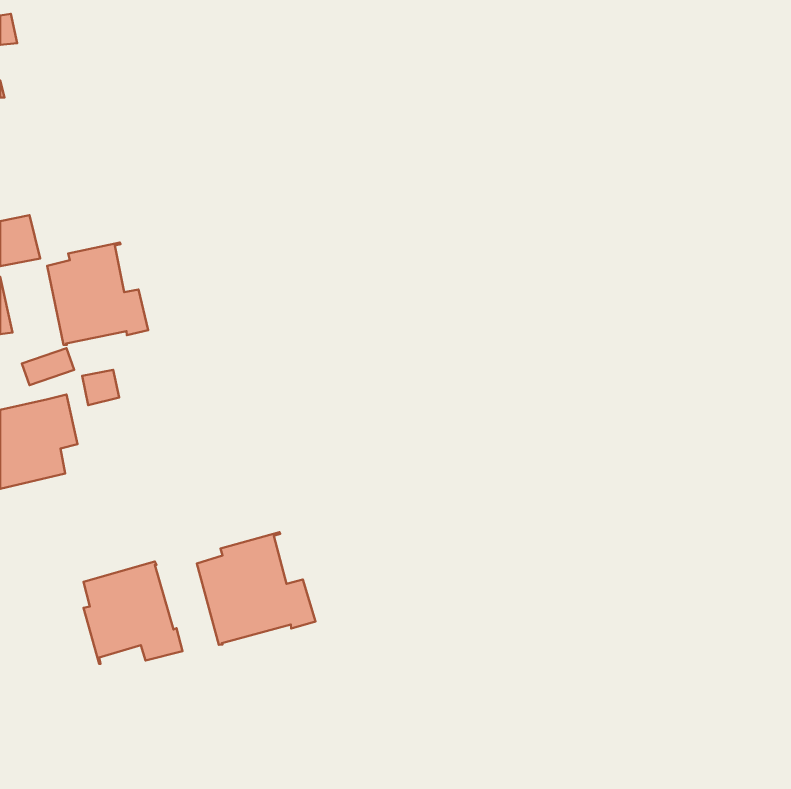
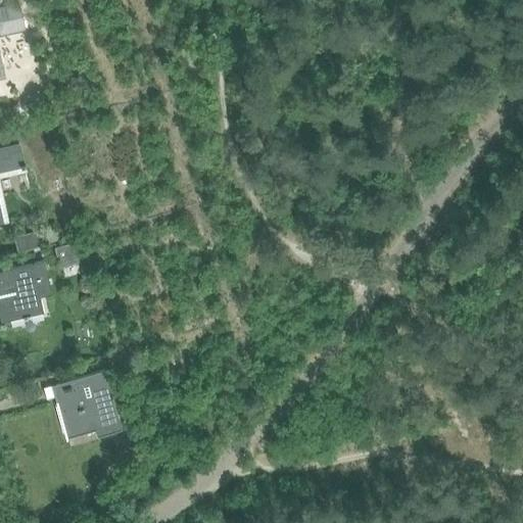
building: [47,243,148,345] -> none
building: [197,532,316,645] -> none

